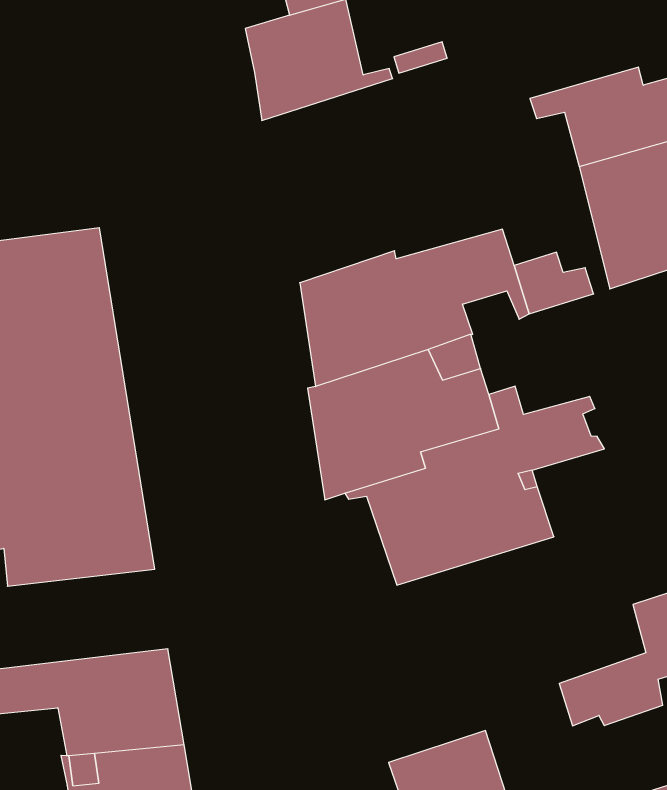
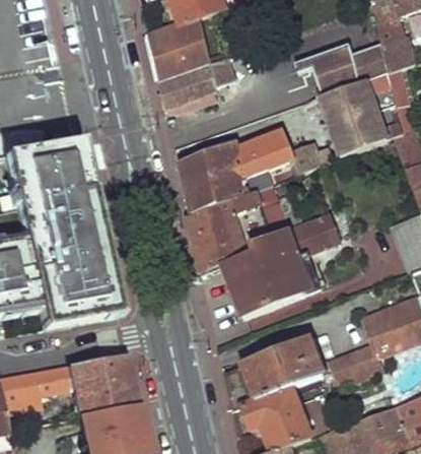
building: none -> [159,51,245,108]
building: none -> [225,340,325,411]

